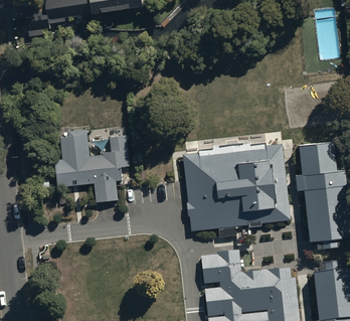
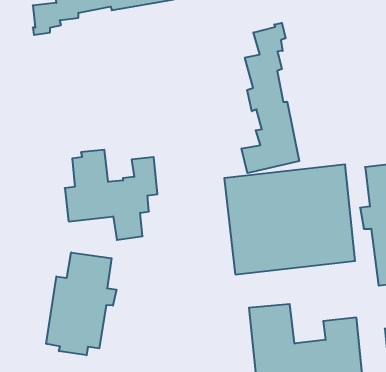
building: none -> [242,23,299,173]
building: none -> [46,252,116,355]

